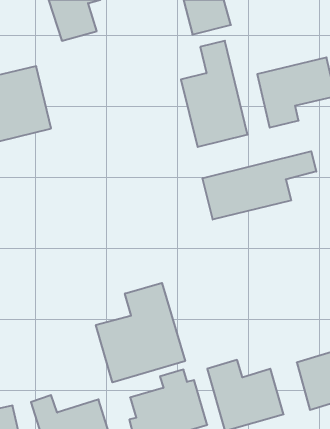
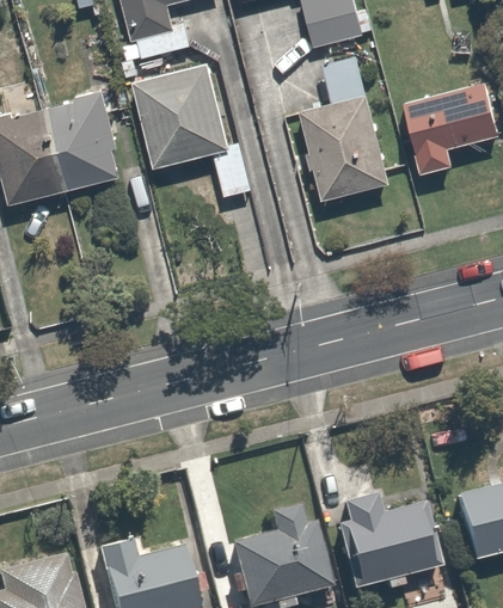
building: none -> [129,57,252,203]
building: [203,151,316,220] -> none
building: [96,283,185,382] -> none

